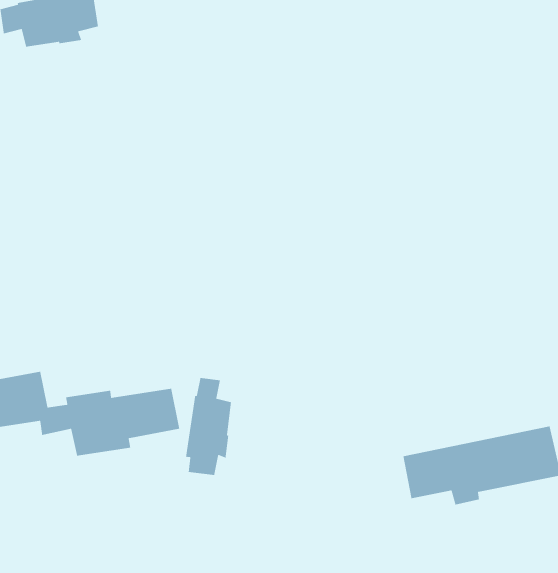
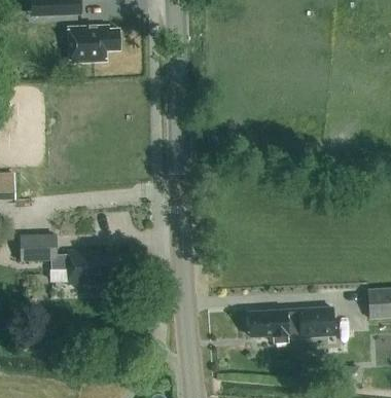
building: [185,377,232,476] -> none

